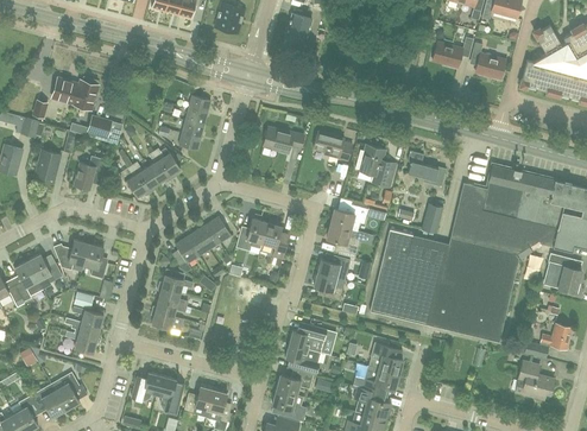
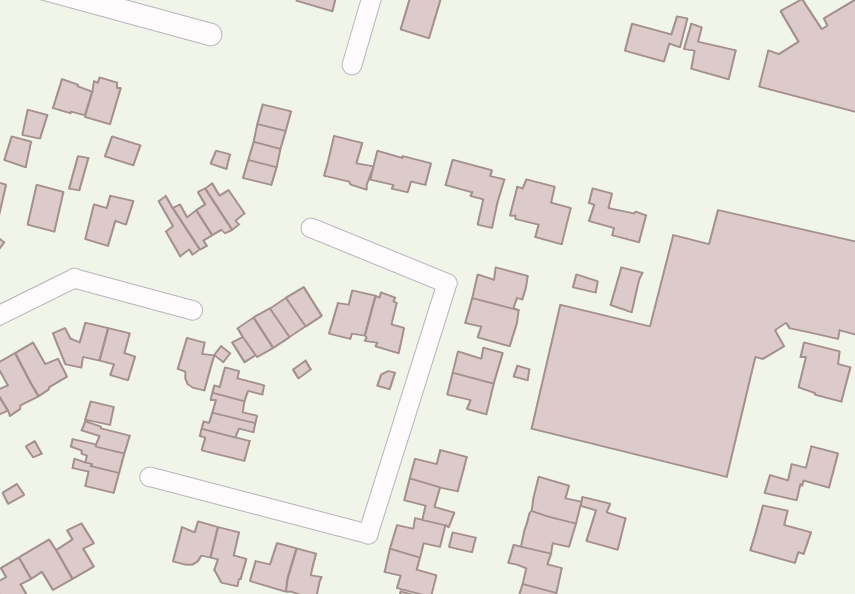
building: none -> [324,136,373,190]
building: none -> [178,338,214,391]
building: none -> [581,497,626,550]

